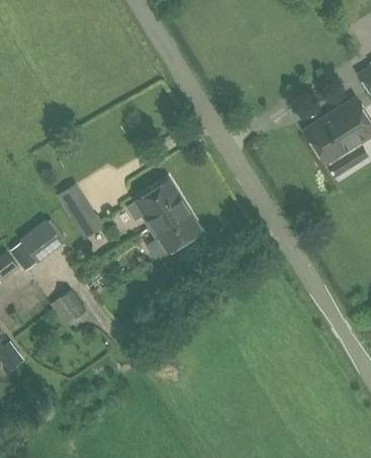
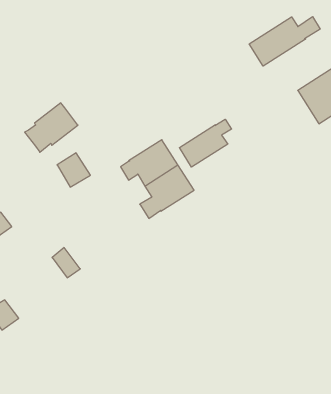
building: none -> [249,17,320,66]
building: none -> [179,119,232,167]
building: [10,221,64,271] -> [25,103,78,152]

